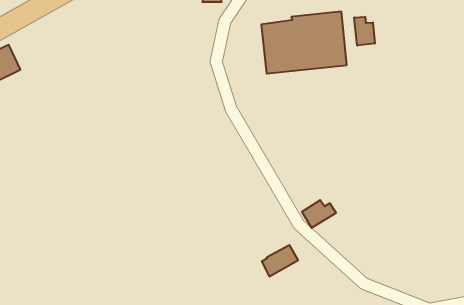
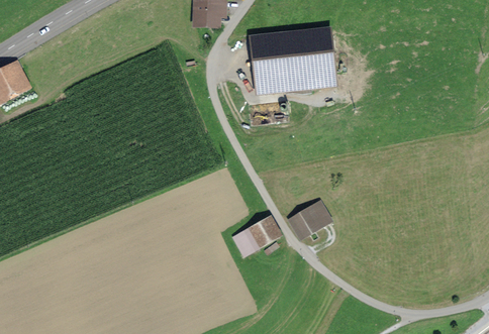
building: [354,17,375,46] -> none
building: [262,245,298,276] -> [243,219,278,248]

